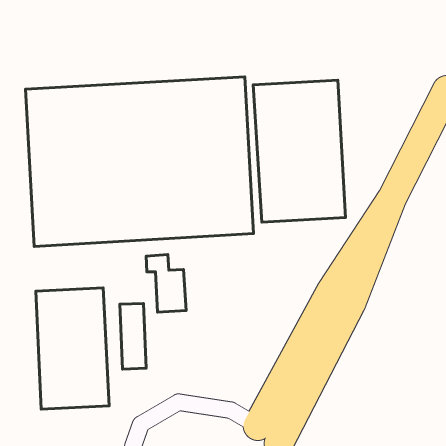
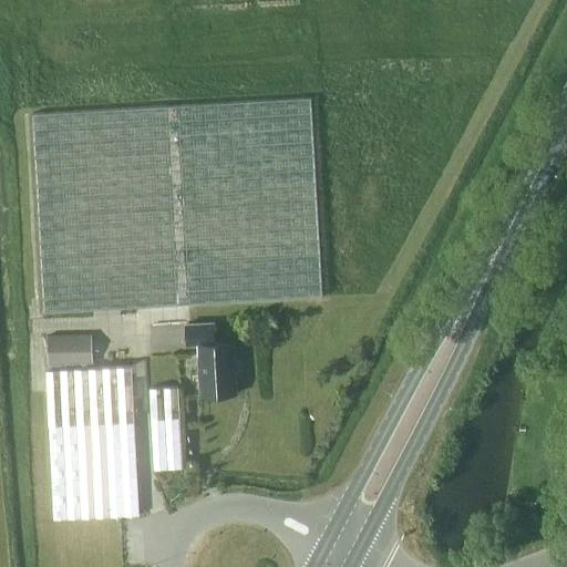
building: [253,80,346,222] -> none
building: none -> [49,334,93,367]

